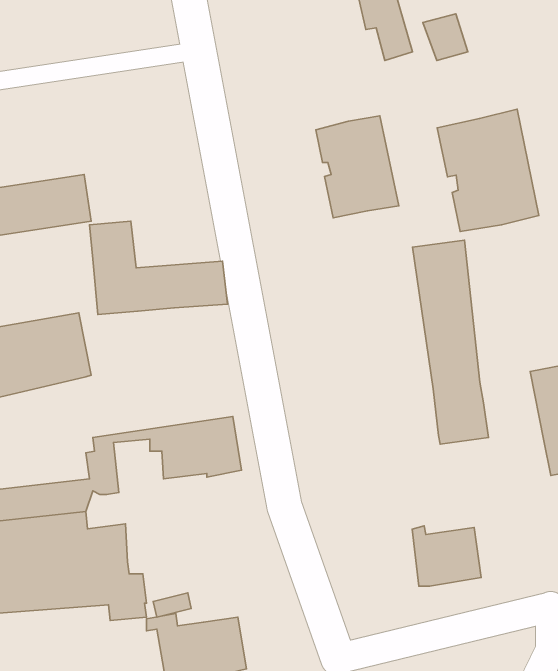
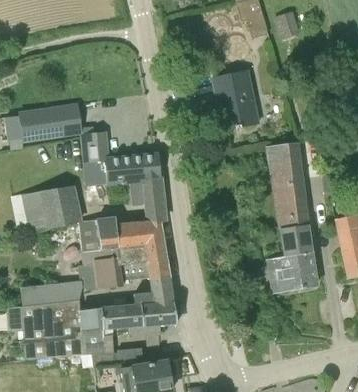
building: [437,109,539,231] -> none
building: none -> [130,179,164,205]
building: none -> [79,216,165,250]
building: none -> [95,257,124,288]
building: none -> [102,275,177,328]
building: [412,526,481,586] -> [276,255,316,290]

